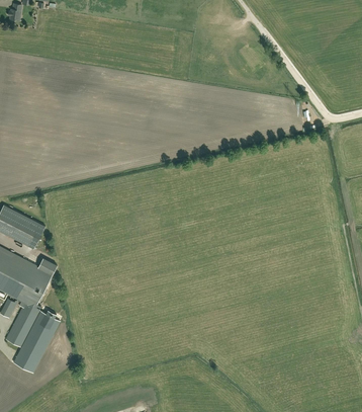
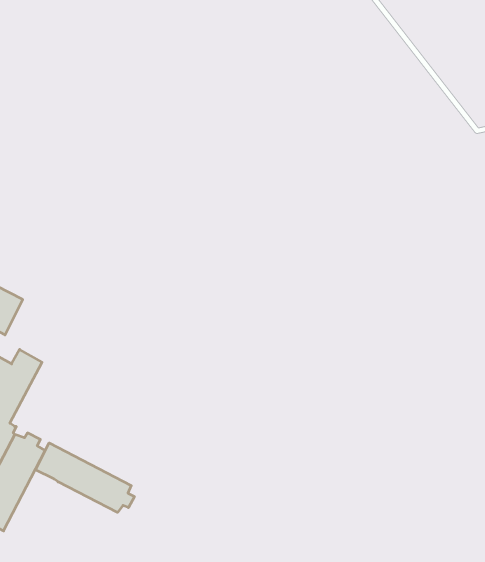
building: none -> [35,443,134,512]

